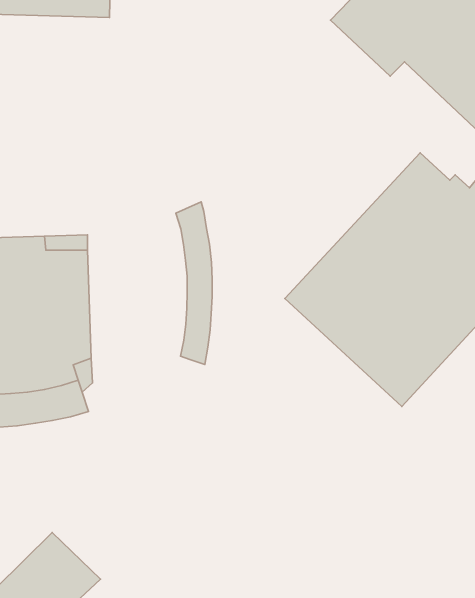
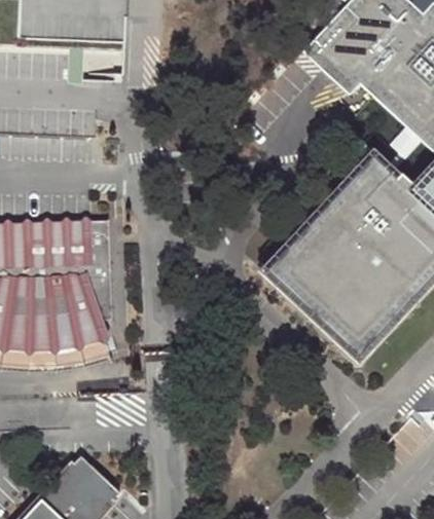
building: [176,202,212,365] -> none

